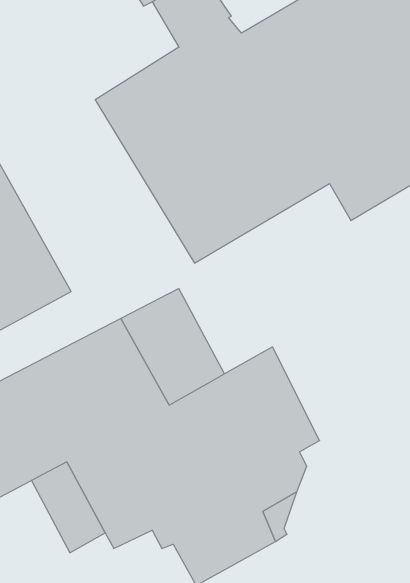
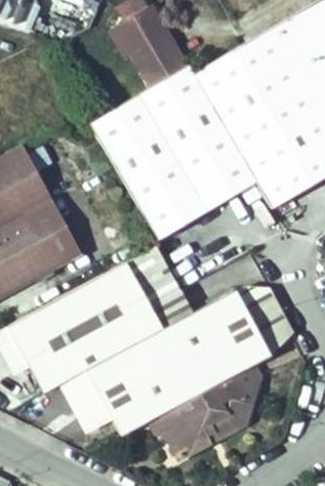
building: none -> [219,291,274,364]

